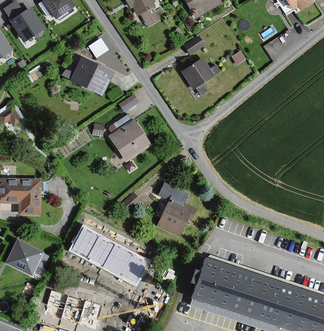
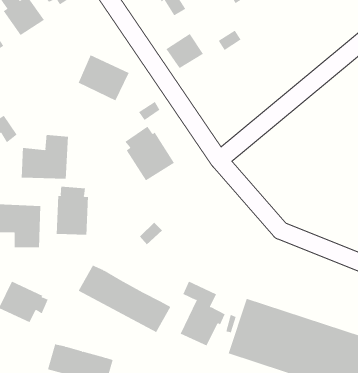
building: [182,59,213,88] -> [166,33,204,69]
building: none -> [21,134,69,180]
building: none -> [56,186,88,236]
building: [158,183,195,236] -> [180,281,225,346]

